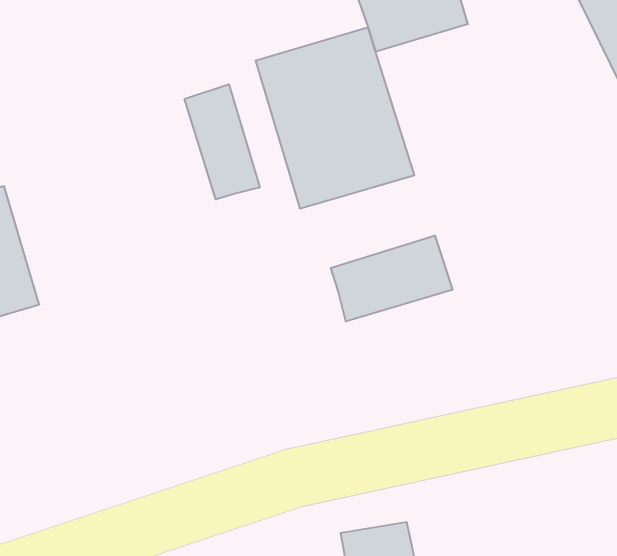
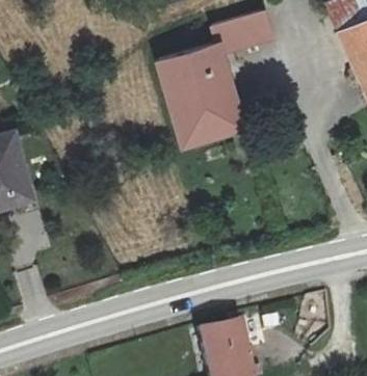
building: [185,84,260,200] -> none
building: [331,235,453,322] -> none

